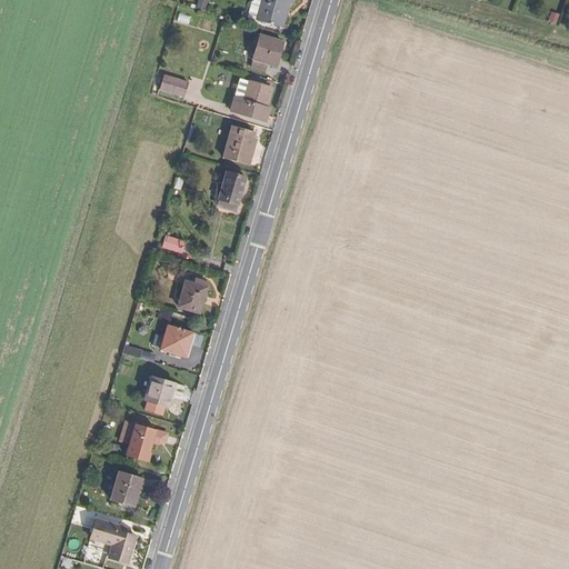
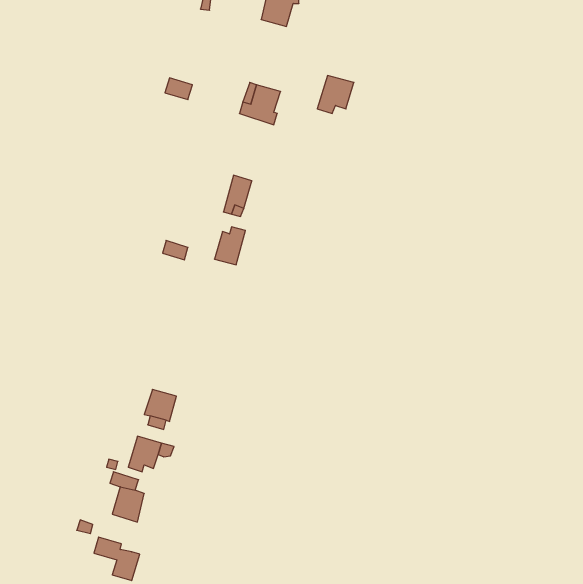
building: [253,38,289,74] -> [317,76,354,113]
building: [224,123,259,164] -> none
building: [179,277,209,313] -> [214,227,245,265]
building: [158,326,193,359] -> none

